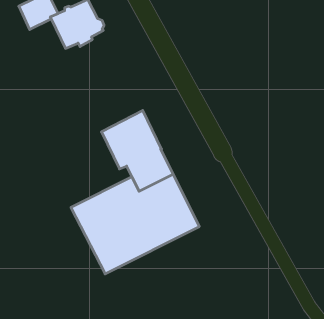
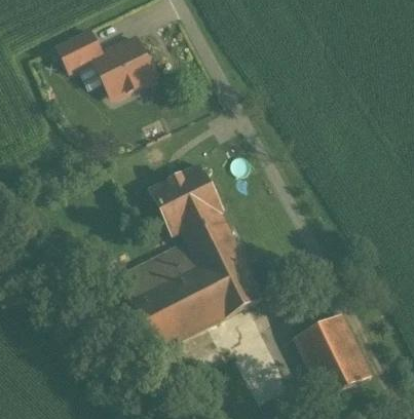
building: none -> [294,313,371,397]

